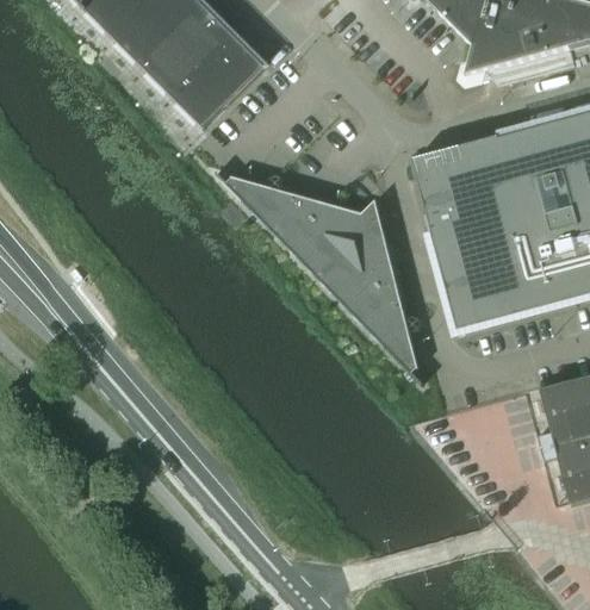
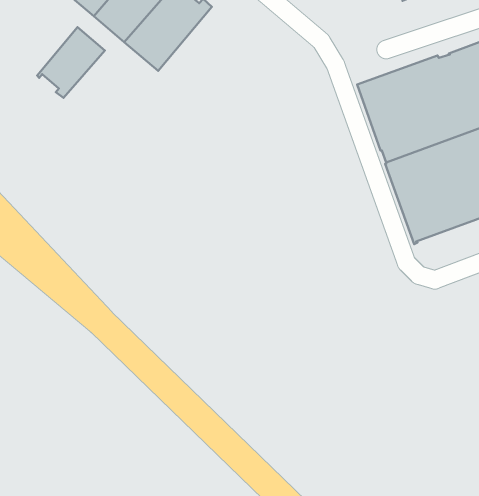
building: none -> [37,27,105,98]
building: [216,170,423,382] -> none

